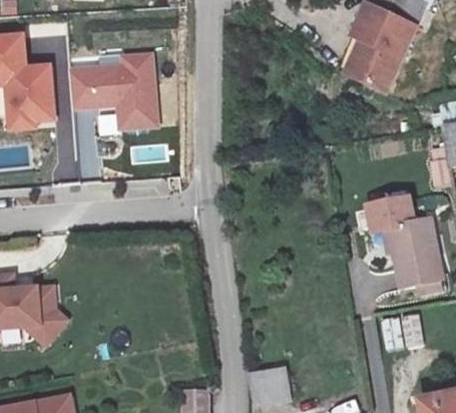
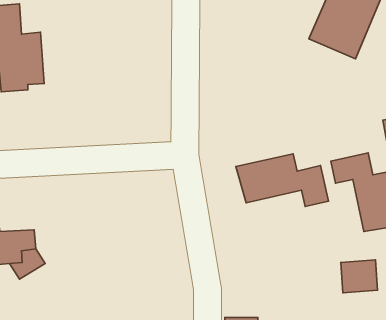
building: [70,53,158,129] -> none
building: none -> [236,154,328,207]

